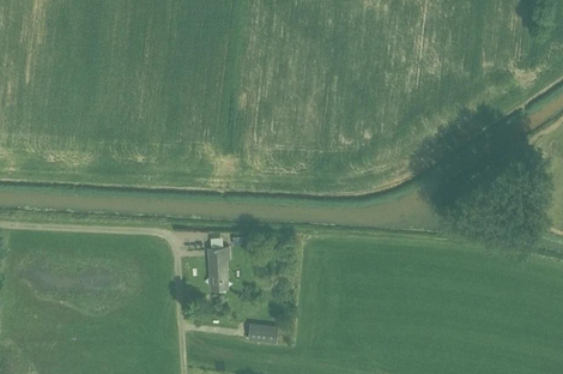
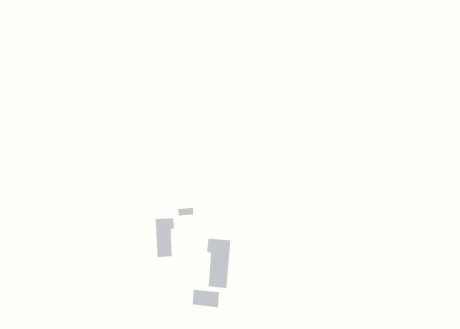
building: none -> [206,238,231,289]

